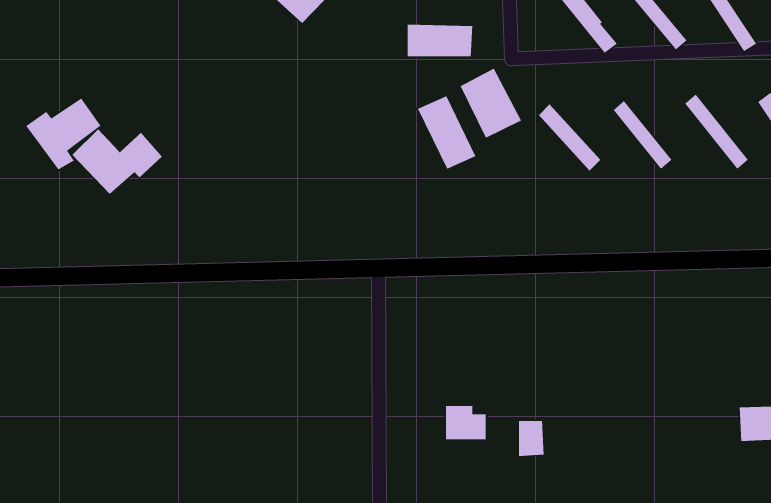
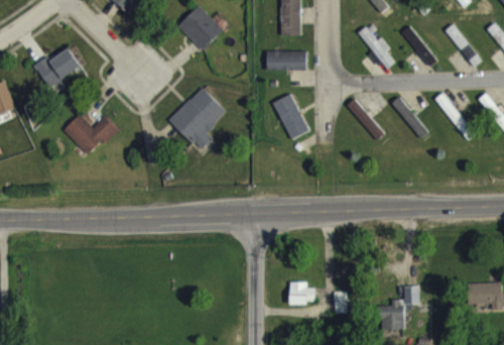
building: [460,67,522,139] -> none
building: none -> [168,86,226,149]
building: [25,98,101,171] -> [33,47,80,92]
building: none -> [378,285,419,329]

